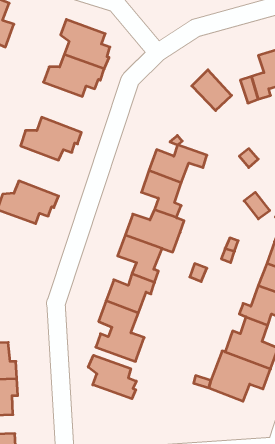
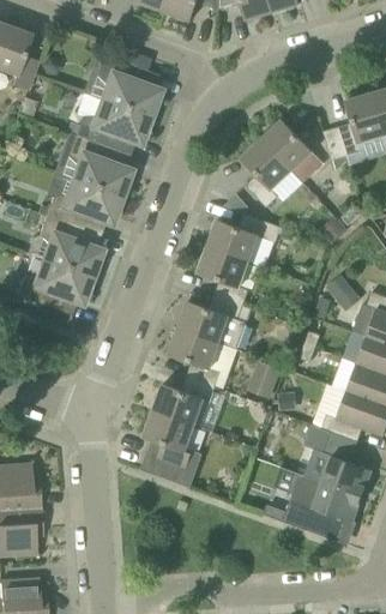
building: none -> [67,134,129,198]
building: none -> [241,139,291,207]
building: none -> [38,215,101,278]
building: [88,355,136,399] -> none

